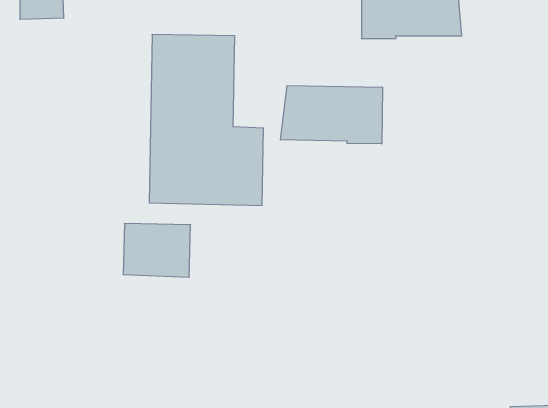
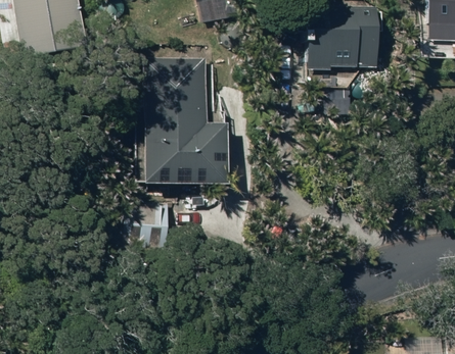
building: [281,86,383,144] -> none

